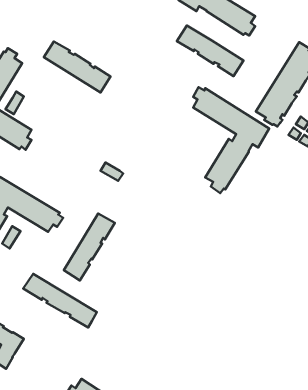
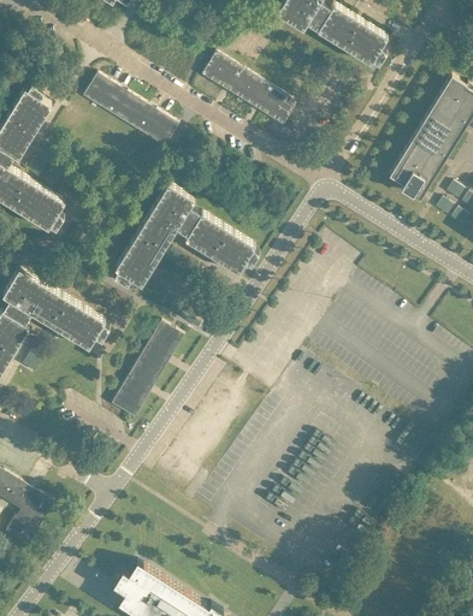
building: [177,25,244,76] -> [200,53,296,126]
building: [193,87,269,193] -> none
building: none -> [113,184,259,286]
building: [23,274,97,327] -> none

